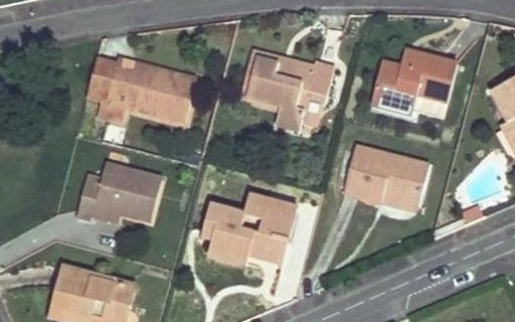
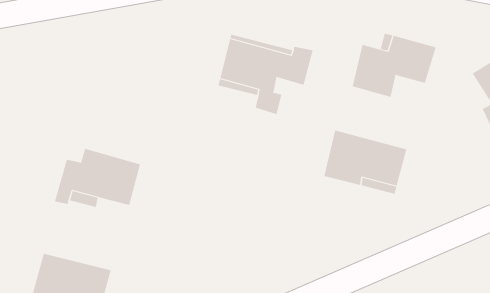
building: [87,62,194,122] -> none
building: [201,195,290,265] -> none

